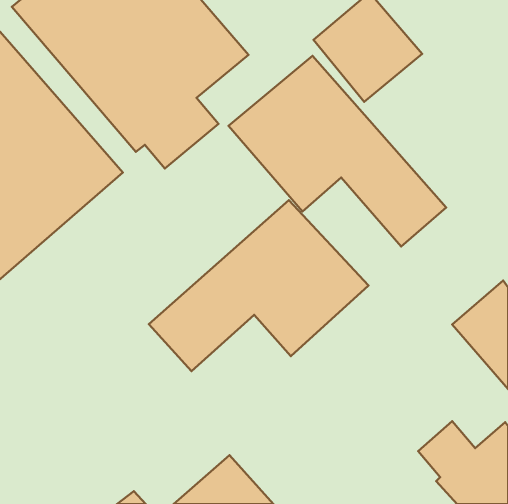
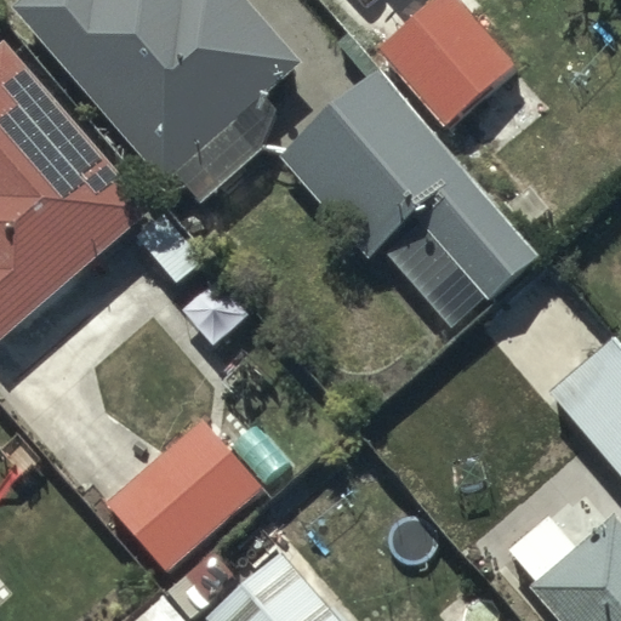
building: [149,200,368,371] -> none
building: none -> [104,420,261,572]

